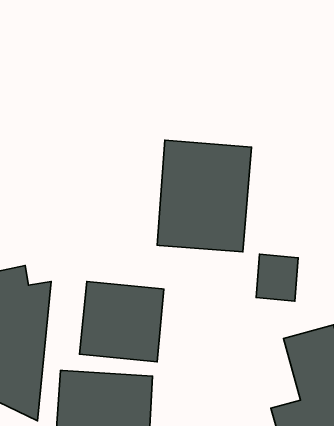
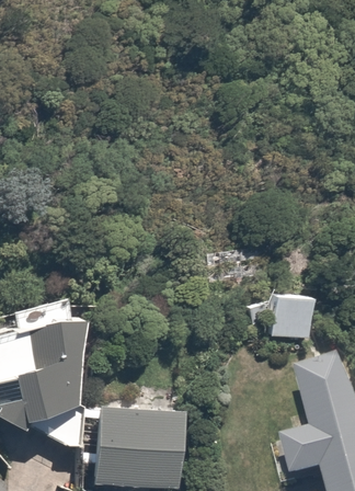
building: [157,140,251,252] -> none
building: [79,282,164,362] -> none

